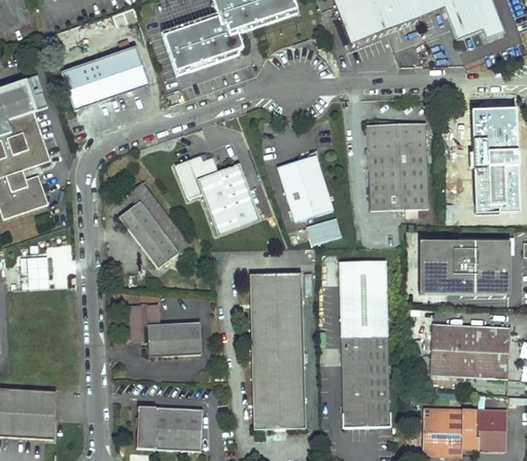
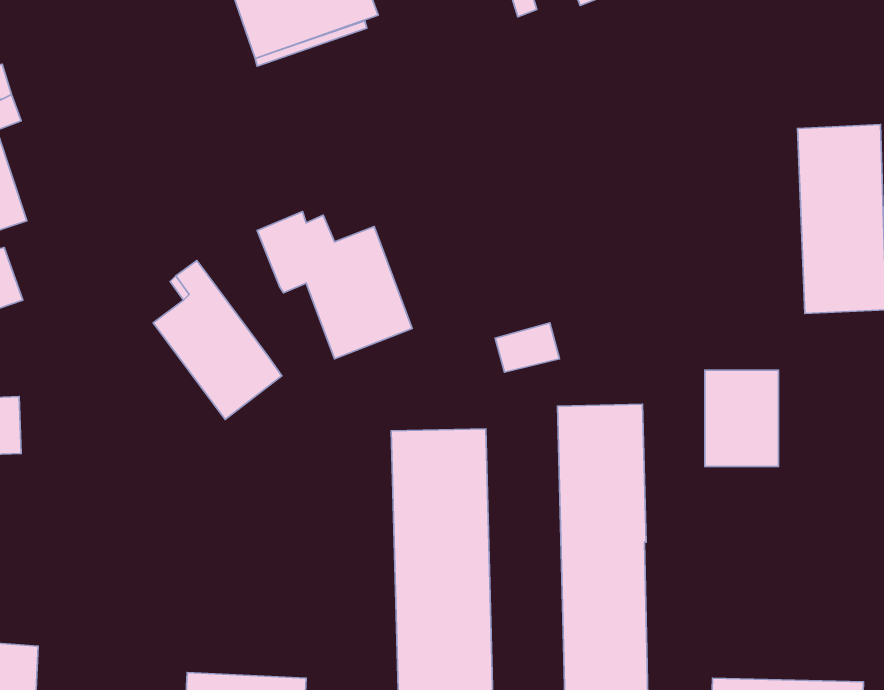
building: [62,46,149,110] -> none
building: [366,123,428,217] -> none
building: [277,154,333,222] -> none
building: [460,242,510,294] -> none
building: [132,305,201,357] -> none
building: [429,323,510,380] -> none

